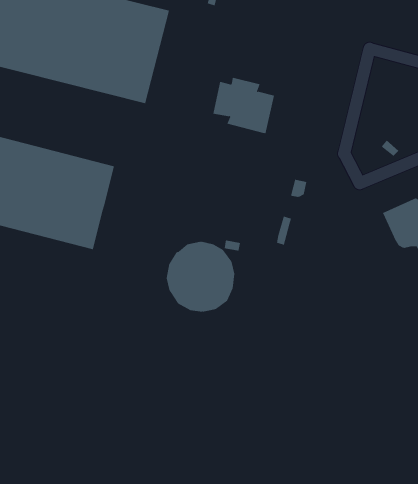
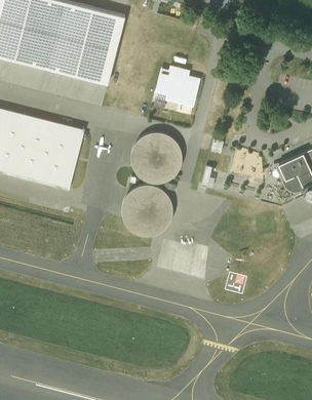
building: none -> [130,131,182,183]

